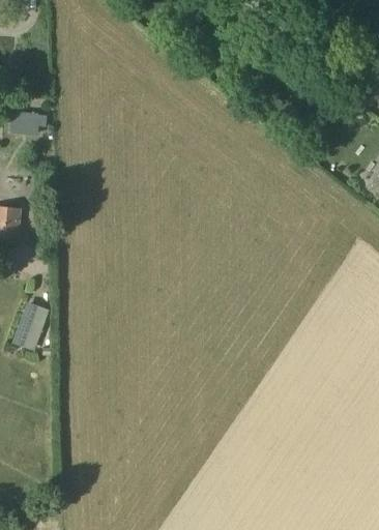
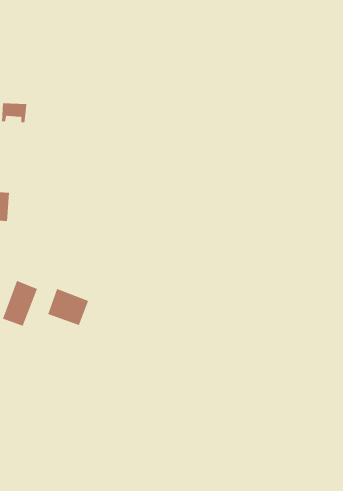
building: none -> [48,288,89,326]

